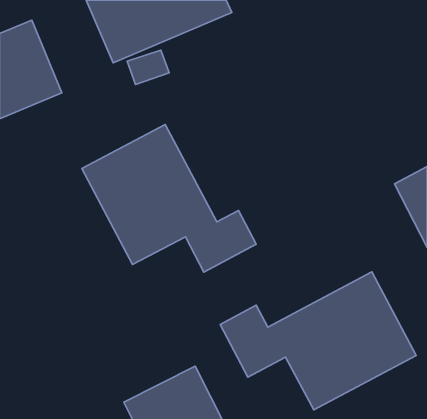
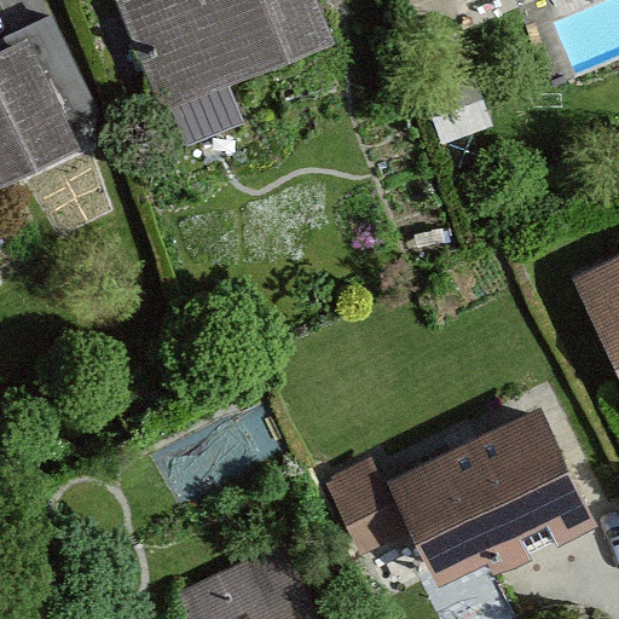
building: [82,124,256,272] -> none

